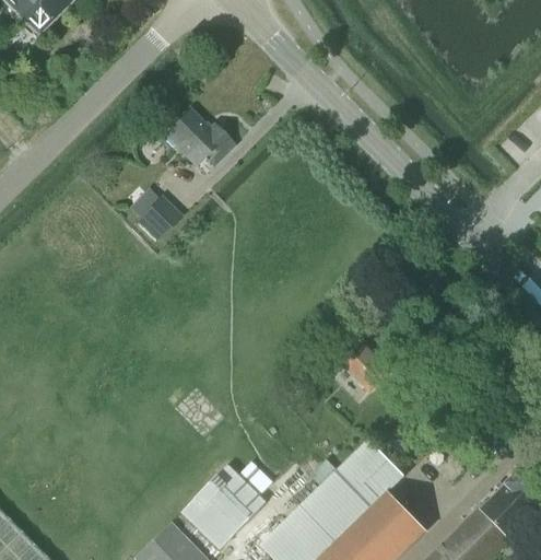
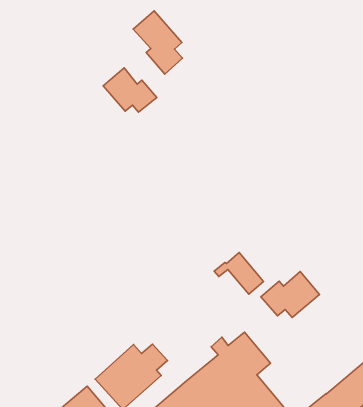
building: none -> [133,11,182,74]
building: [142,198,179,235] -> none
building: none -> [261,271,319,317]

